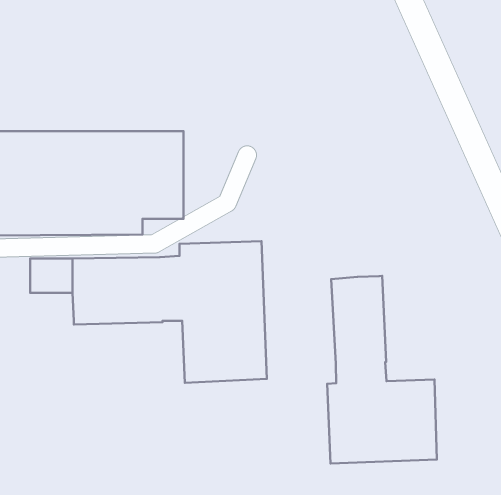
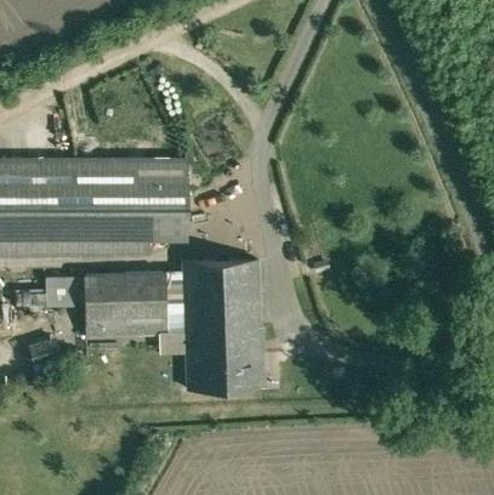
building: [327,276,437,464] -> none

